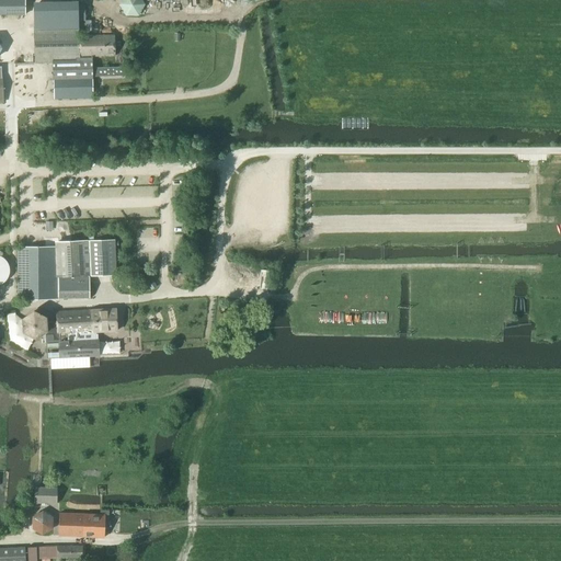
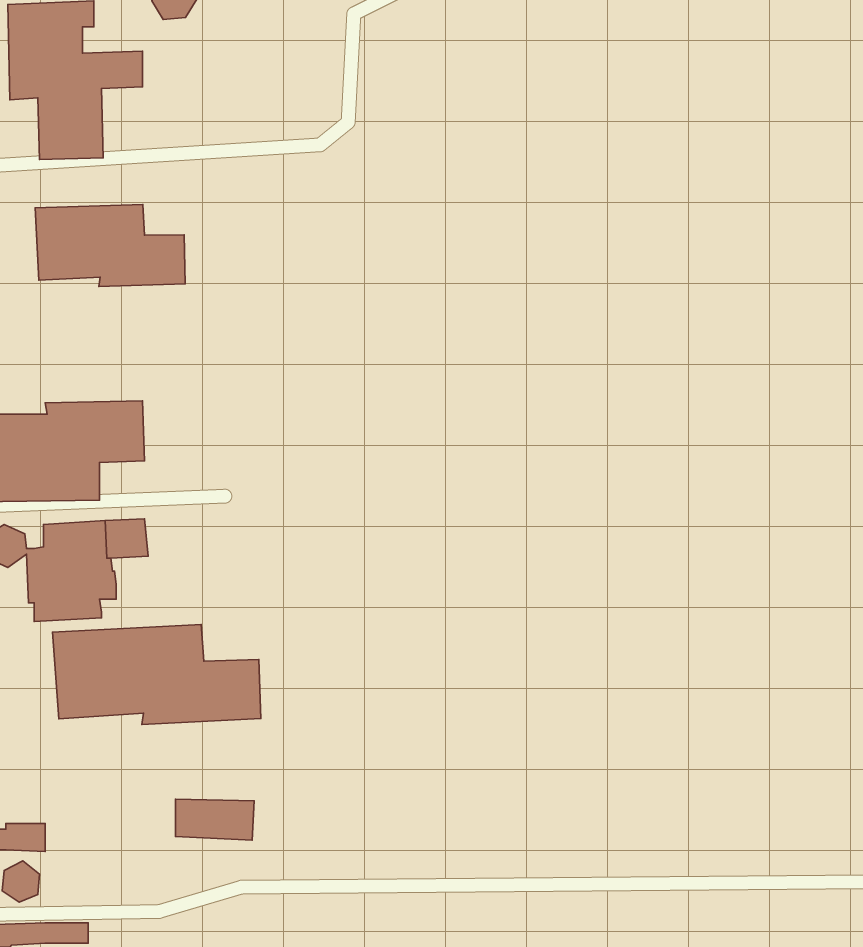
building: none -> [35,204,185,286]
building: none -> [53,624,261,725]
building: [59,513,105,537] -> [176,799,254,840]

